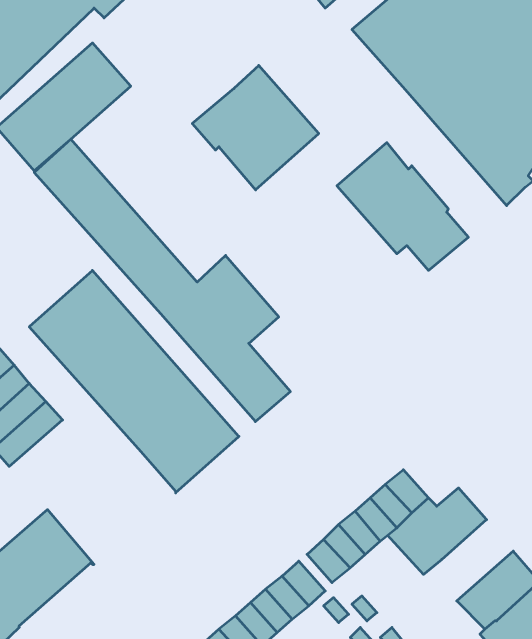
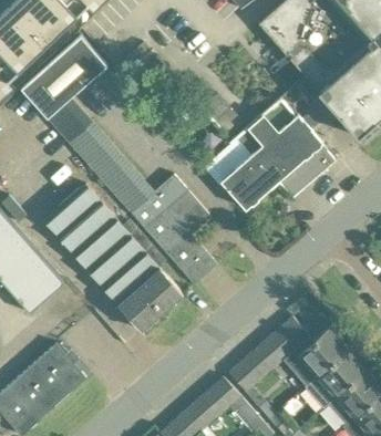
building: [192,65,319,190] -> [204,127,288,210]
building: none -> [306,350,365,407]

